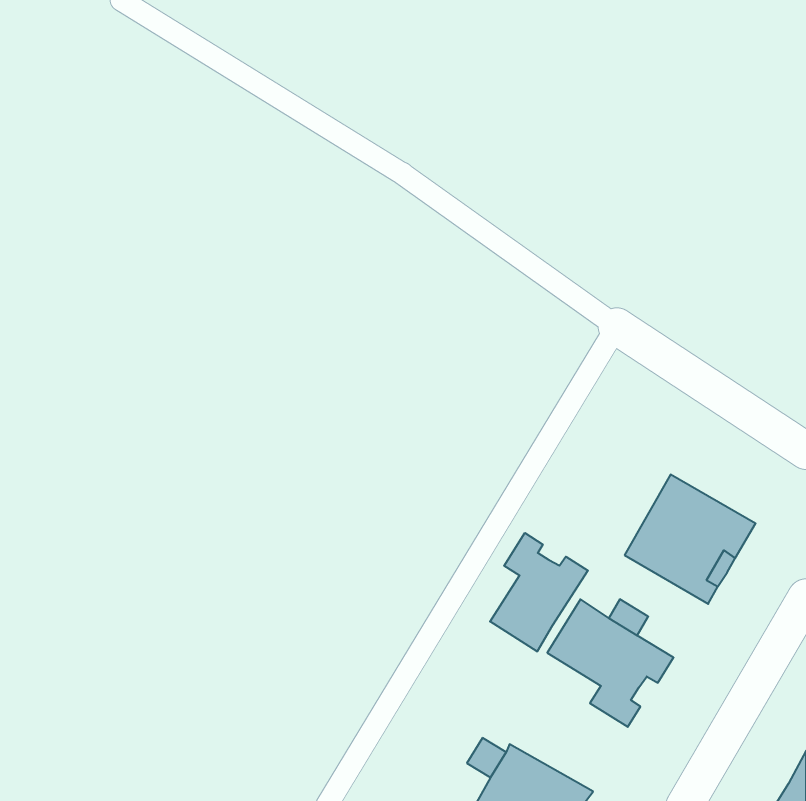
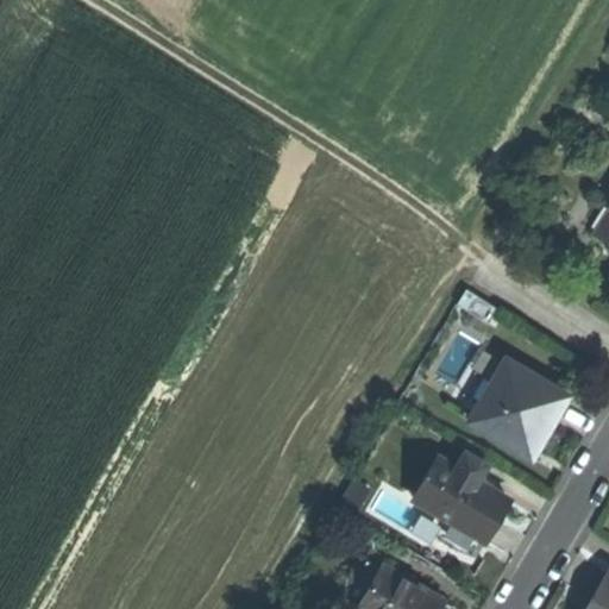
building: [490,533,588,652] -> none

